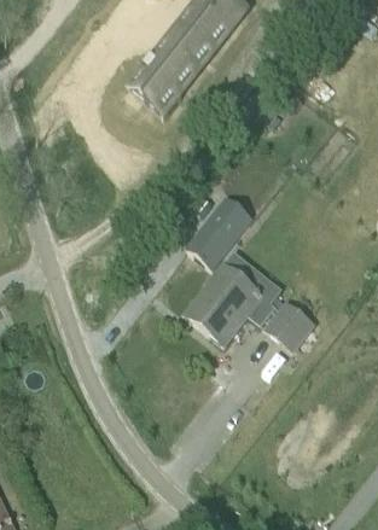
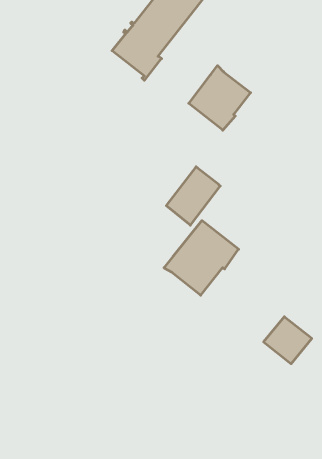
building: none -> [189,66,251,130]
building: [268,292,319,342] -> [264,317,312,364]

